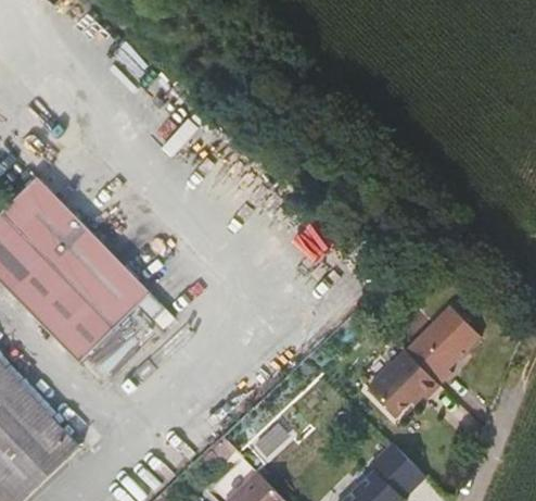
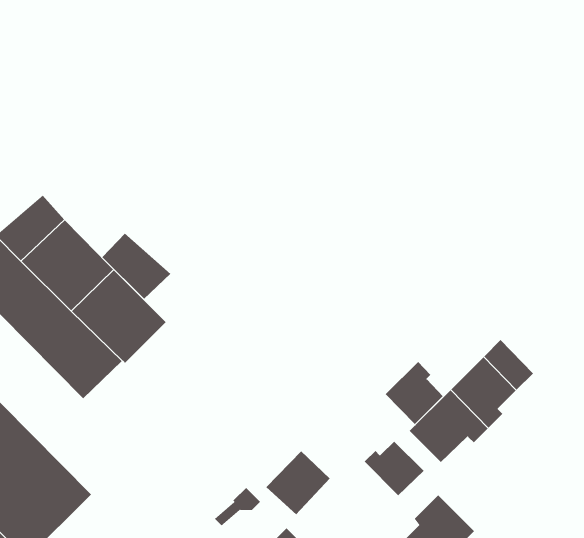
building: none -> [102,233,171,299]
building: none -> [385,361,444,425]
building: none -> [364,441,425,496]

